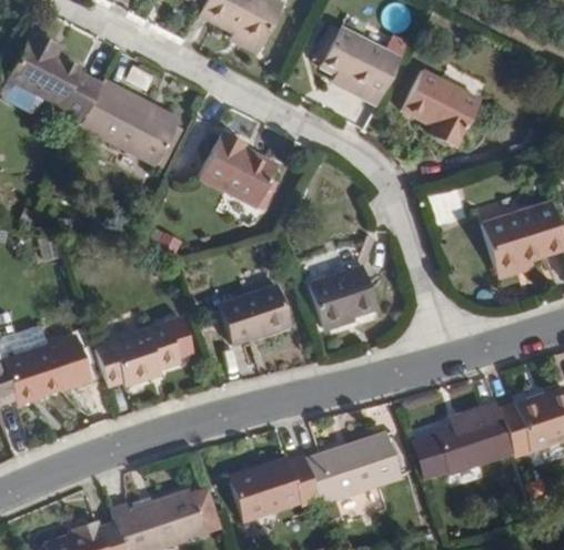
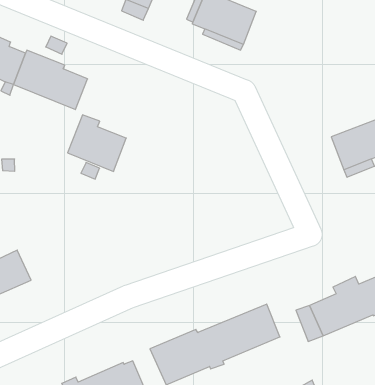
building: [401,67,482,145] -> none
building: [203,134,280,210] -> [68,115,126,171]
building: [310,258,377,320] -> none
building: [220,287,291,347] -> none
building: [98,325,185,389] -> none

